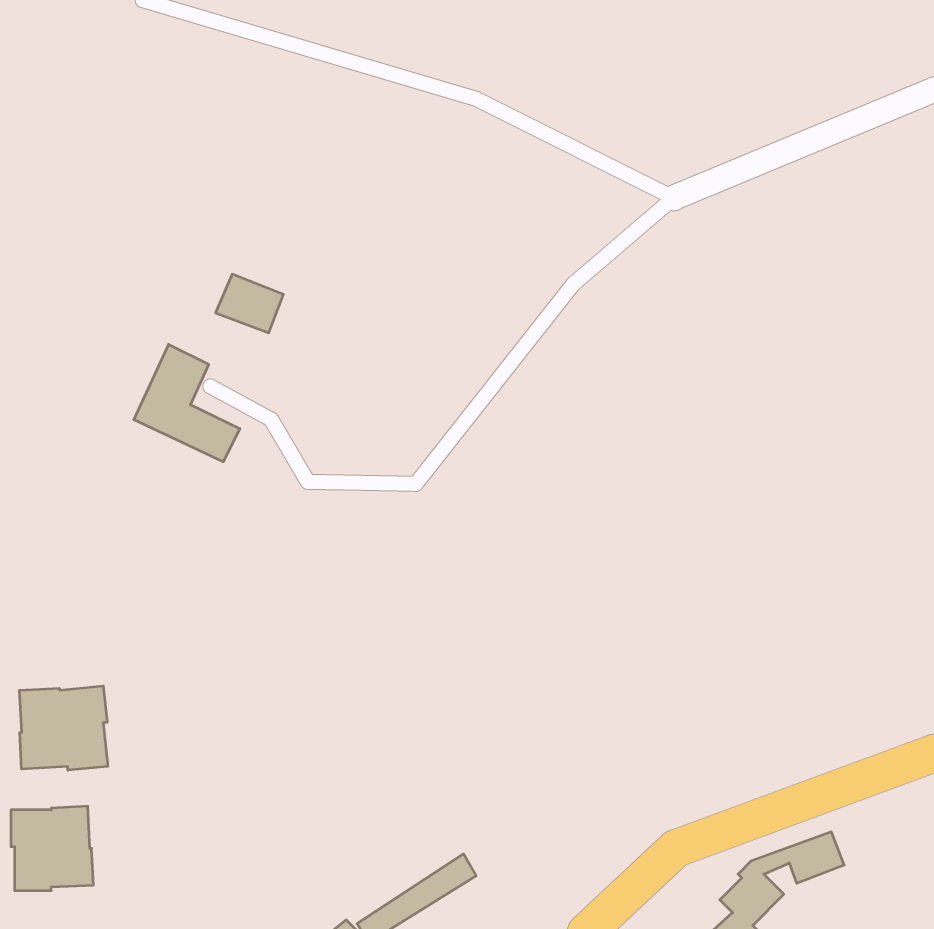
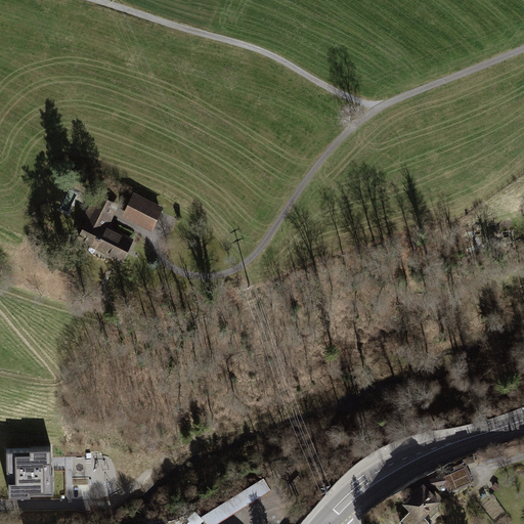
building: [216,274,283,333] -> [123,196,161,229]
building: [19,686,108,770] -> none

